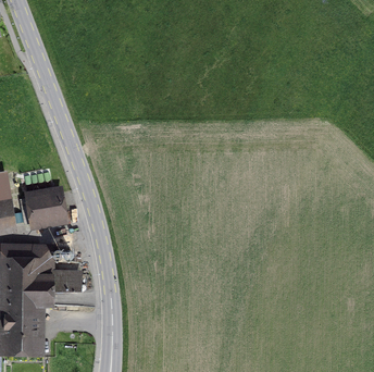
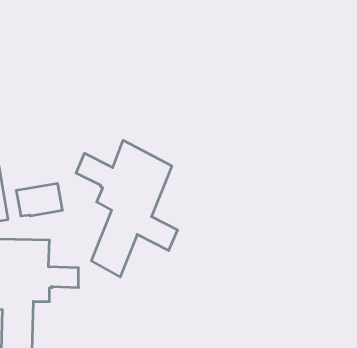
building: none -> [76,140,177,277]

